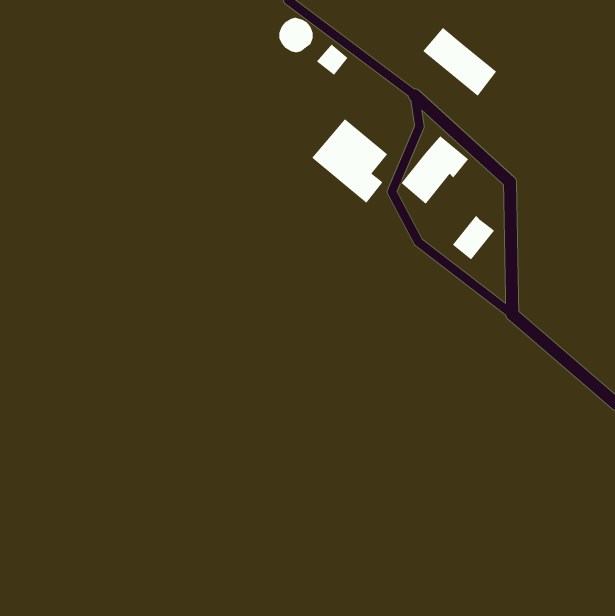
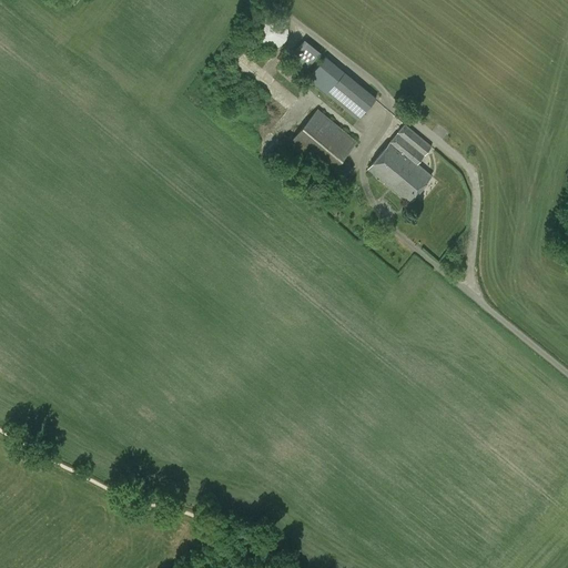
building: [422,27,497,97] -> [308,57,377,121]
building: [452,215,495,261] -> [393,161,433,203]

